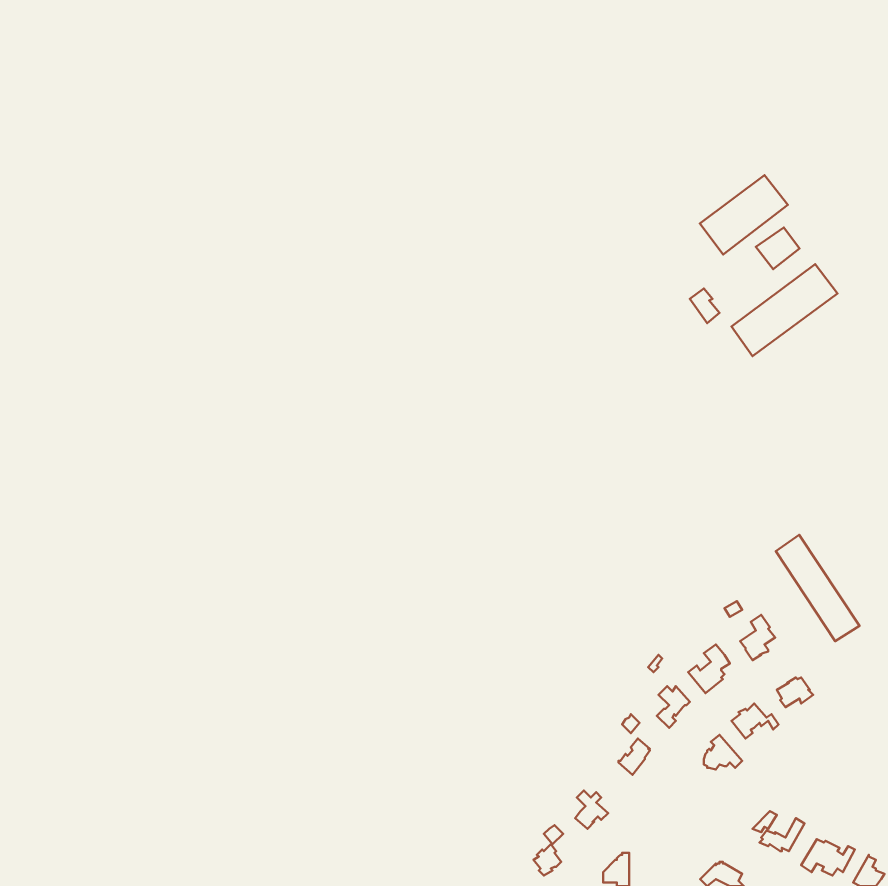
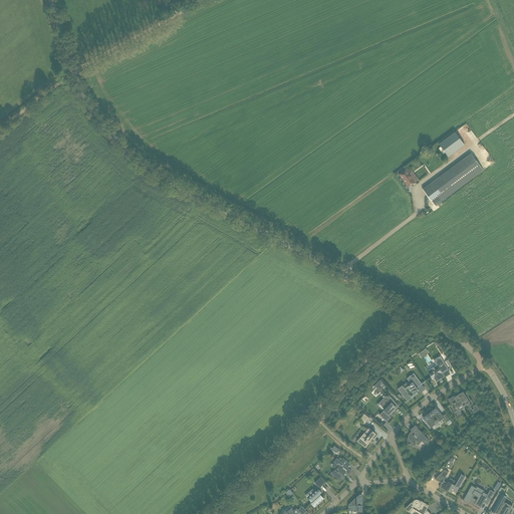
building: [700,175,788,255] -> none
building: [776,535,860,641] -> none

